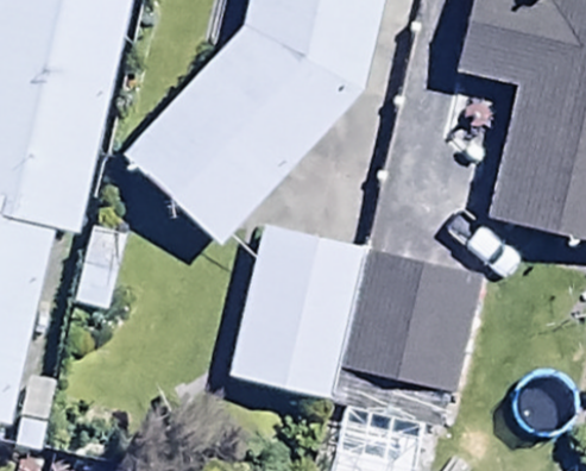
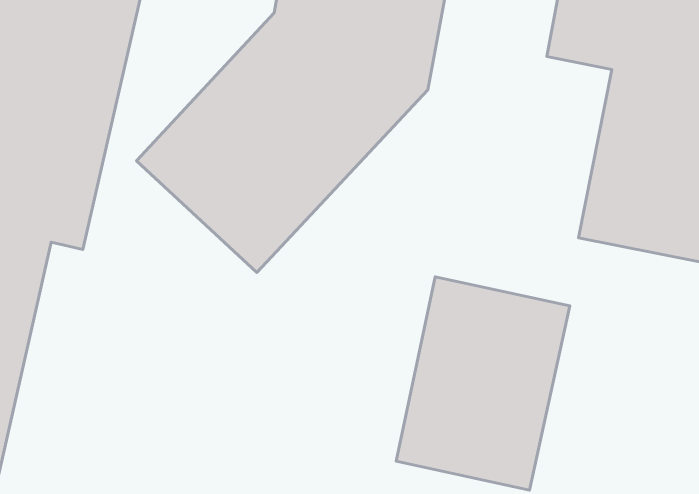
building: [228,220,370,401] -> none

